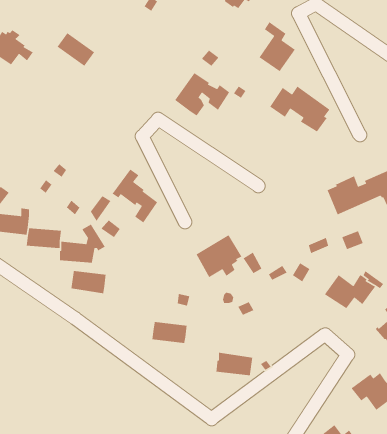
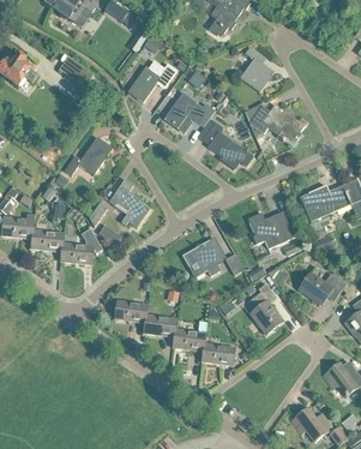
building: none -> [127,64,175,102]
building: none -> [197,118,252,168]
building: none -> [62,136,112,175]
building: none -> [247,210,295,247]
building: [70,270,106,294] -> [114,300,146,322]
building: none -> [249,283,282,334]
building: none -> [172,329,204,349]

